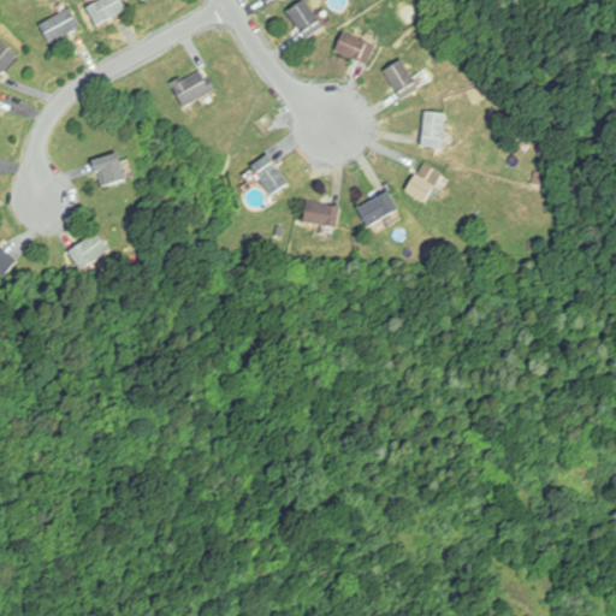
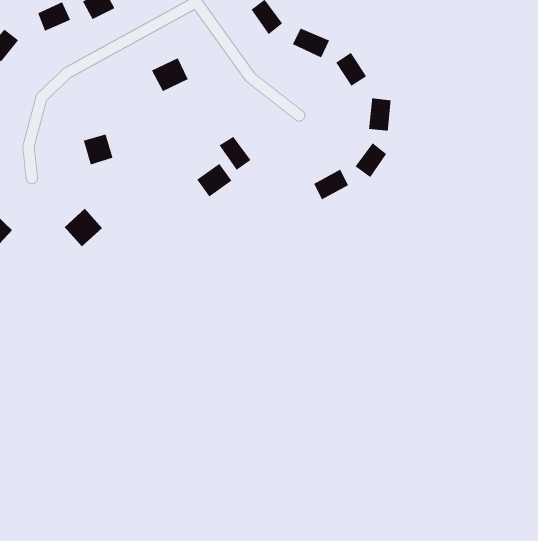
building: none -> [196,163,233,197]
building: [302,194,340,229] -> none

